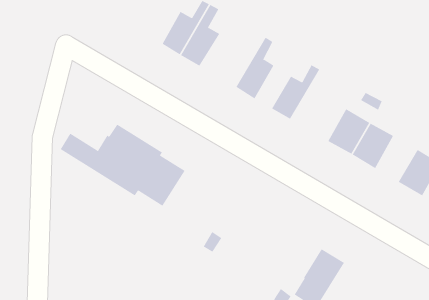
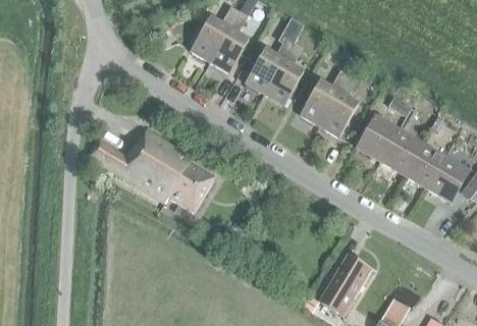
building: none -> [245,17,304,93]
building: none -> [319,75,358,137]
building: none -> [404,142,445,187]

